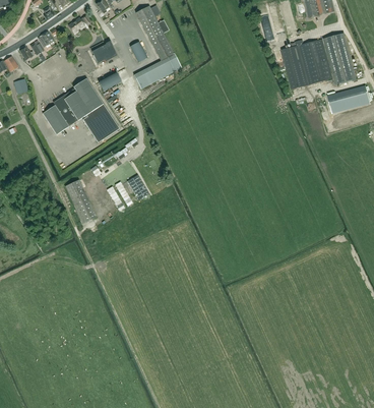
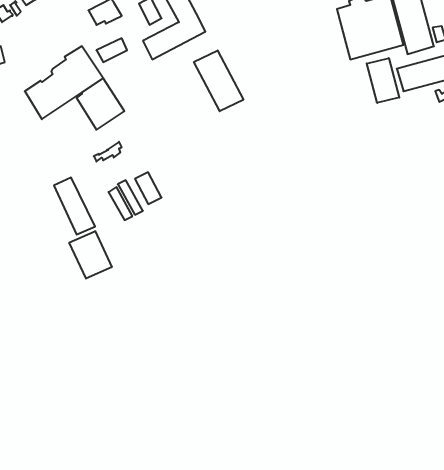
building: none -> [194,50,243,111]
building: none -> [367,58,399,103]
building: none -> [69,231,112,279]

